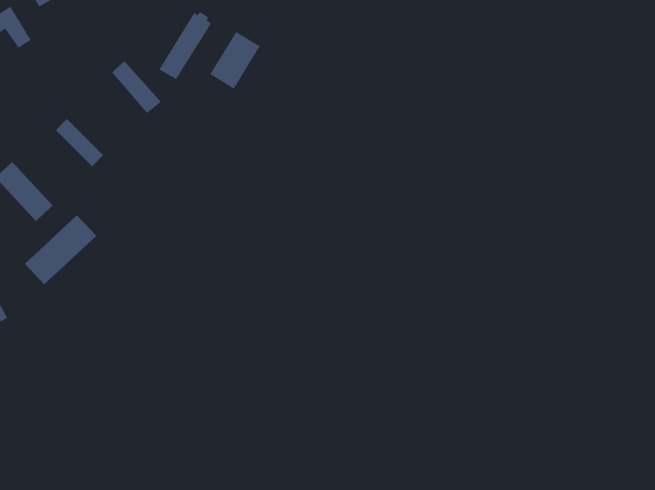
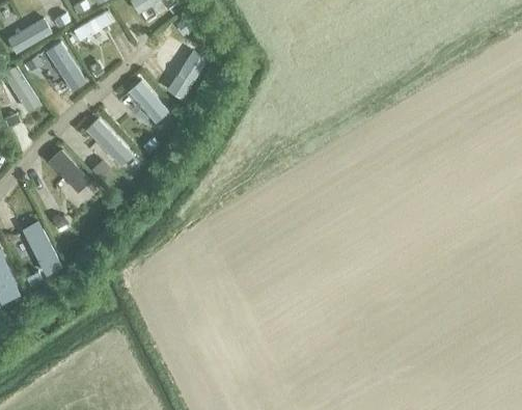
building: [209,31,261,89] -> none
building: [24,215,97,285] -> none

